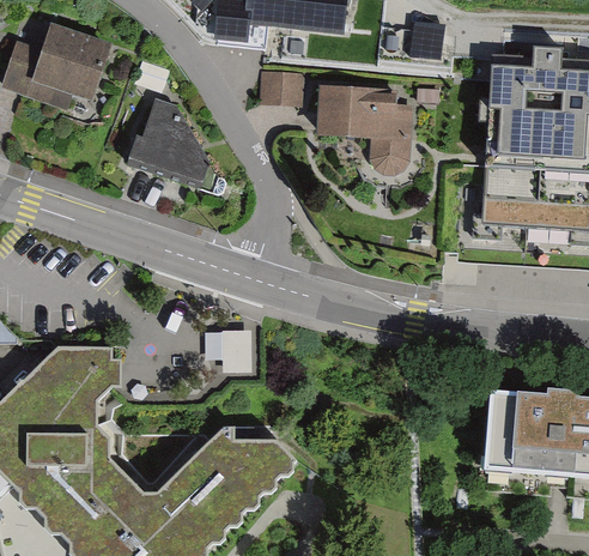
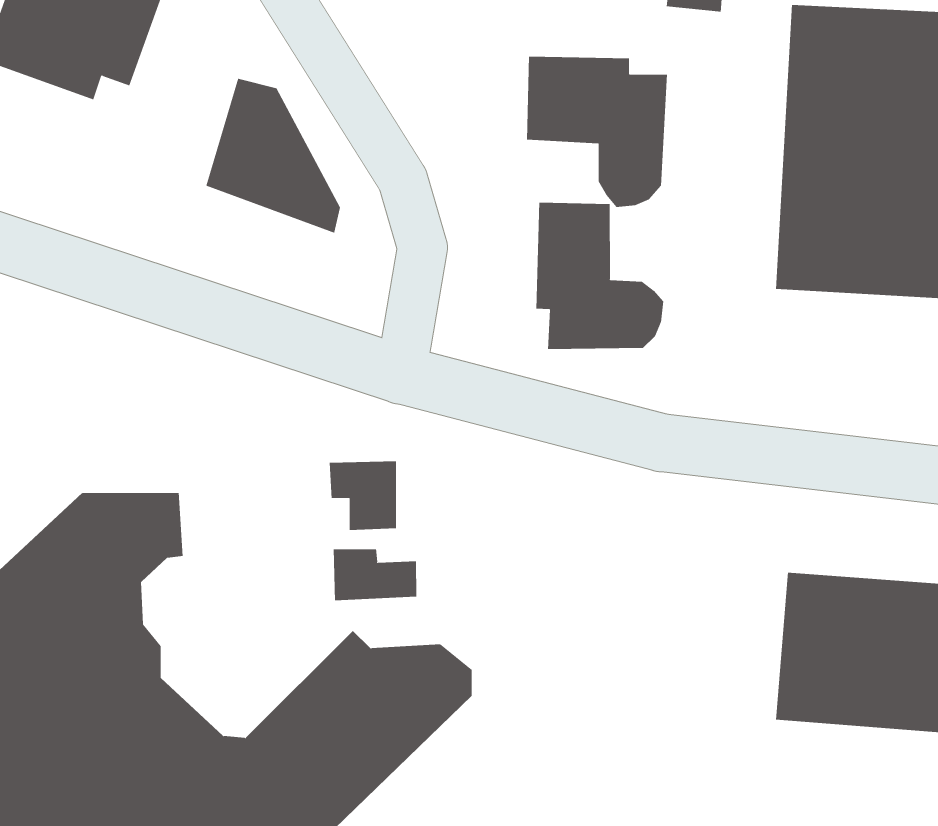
building: [260,73,304,103] -> none
building: none -> [536,202,664,350]
building: none -> [333,548,417,601]

